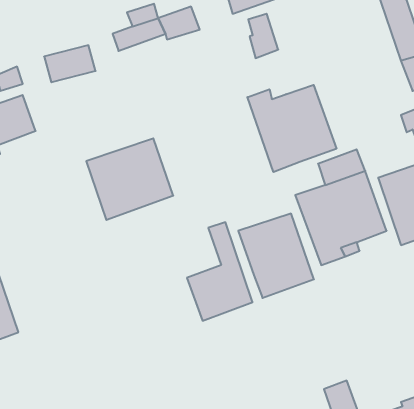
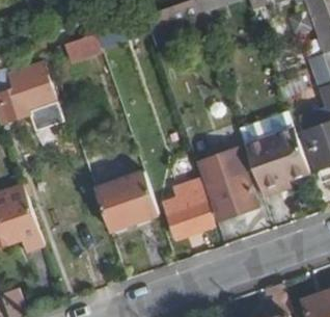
building: [247,85,336,172] -> none
building: [86,138,173,220] -> [92,173,156,232]

